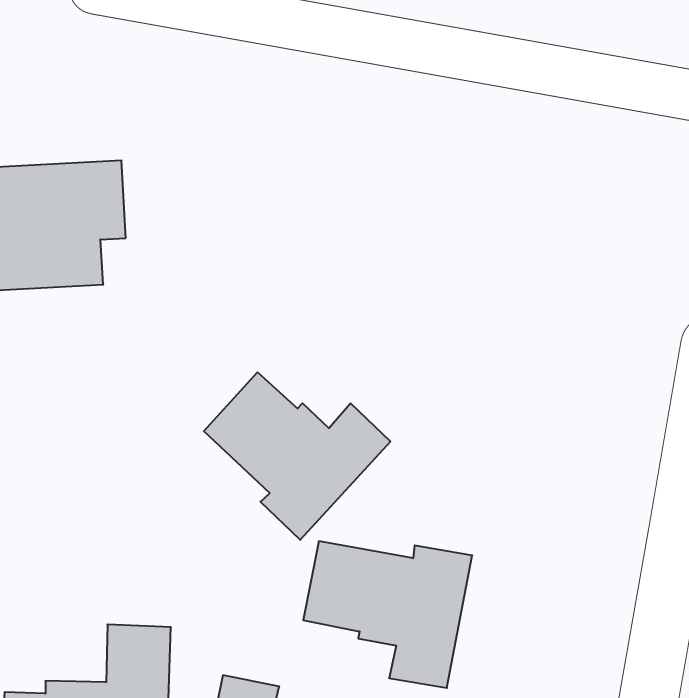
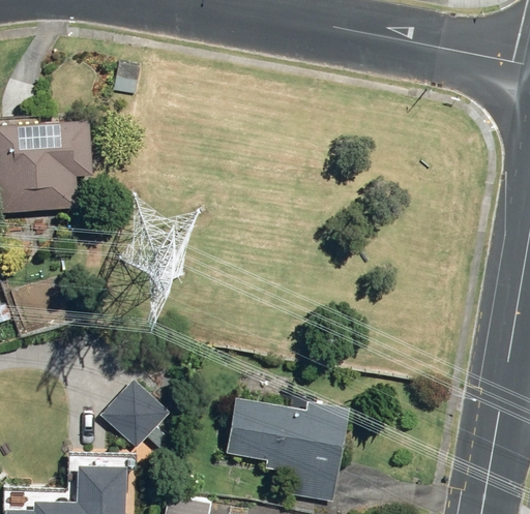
building: [204,372,390,540] -> none
building: none -> [97,381,168,451]

